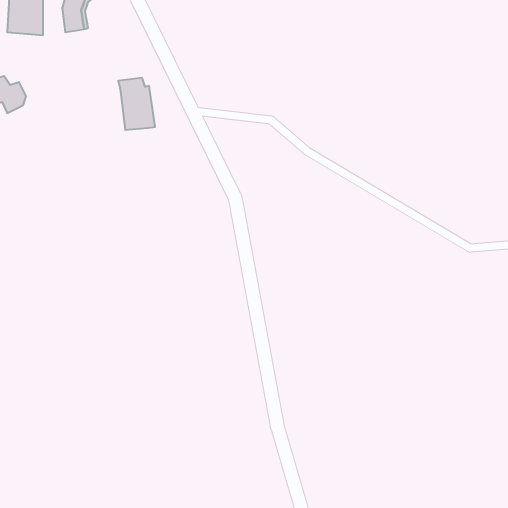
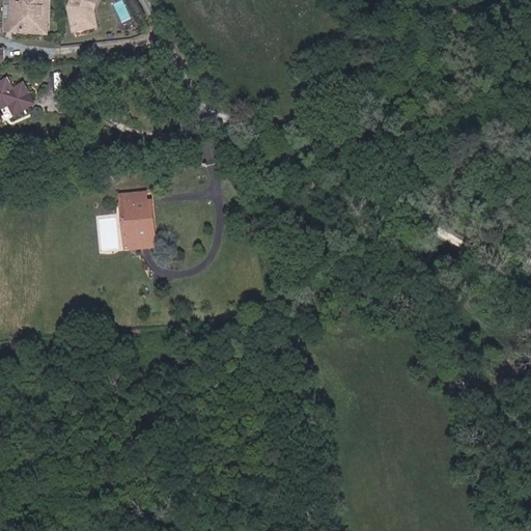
building: [118,78,155,130] -> [118,185,157,239]

